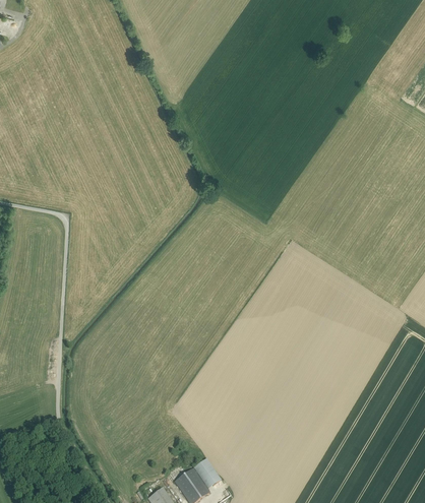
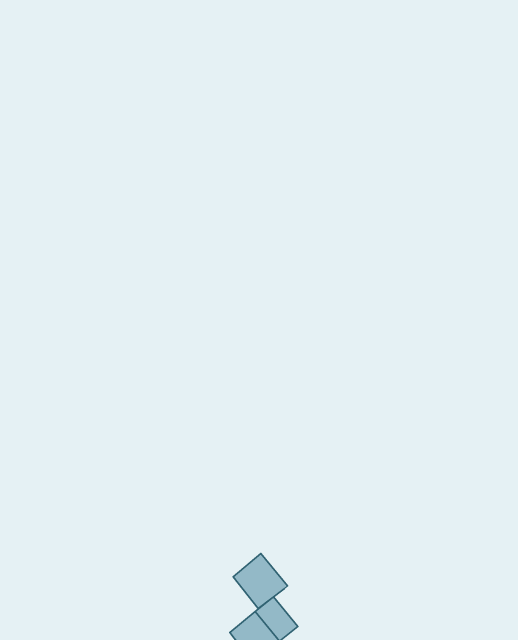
building: none -> [233,553,288,609]

